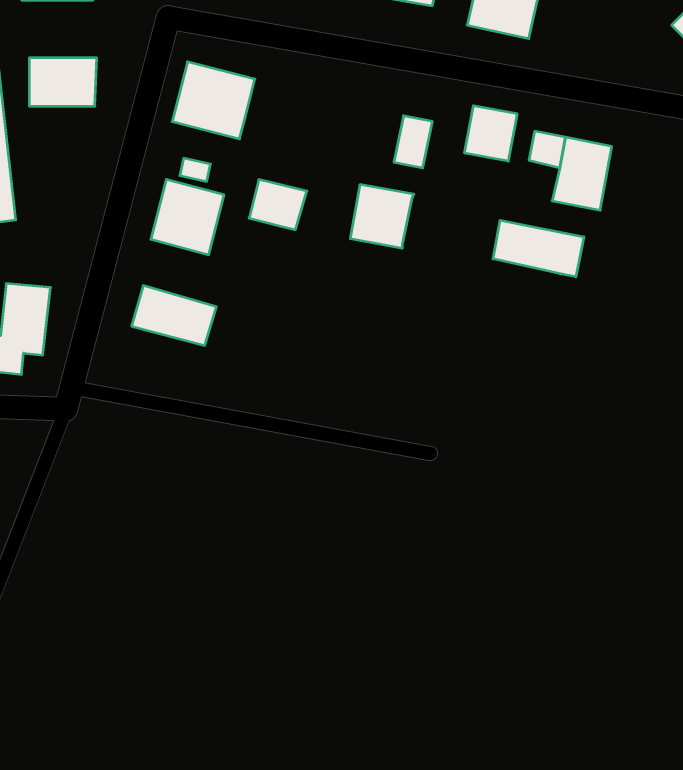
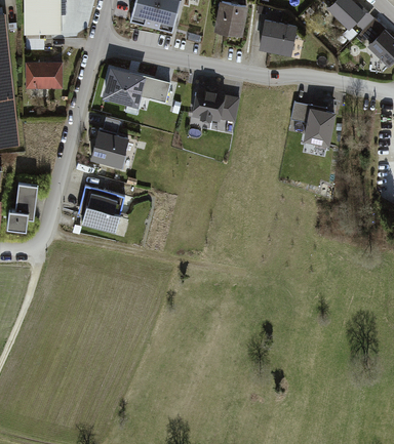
building: [465,106,517,161] -> none
building: [249,180,307,230] -> [141,75,171,102]
building: [350,185,414,248] -> [192,87,226,121]
building: [493,220,584,277] -> none
building: none -> [83,208,119,232]

